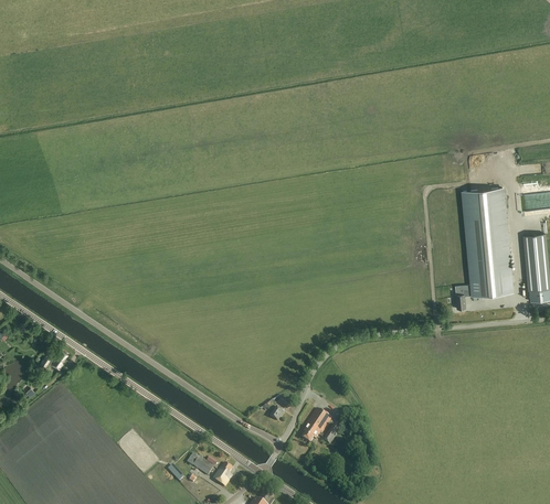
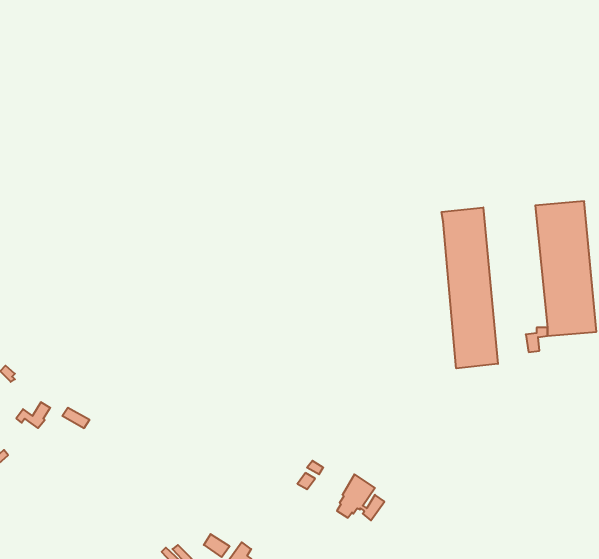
building: none -> [442,207,498,368]

